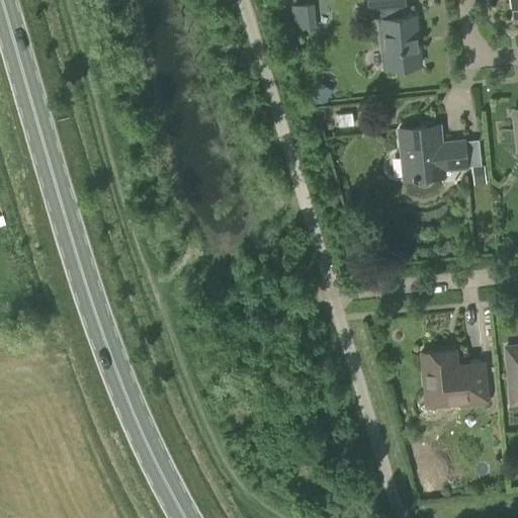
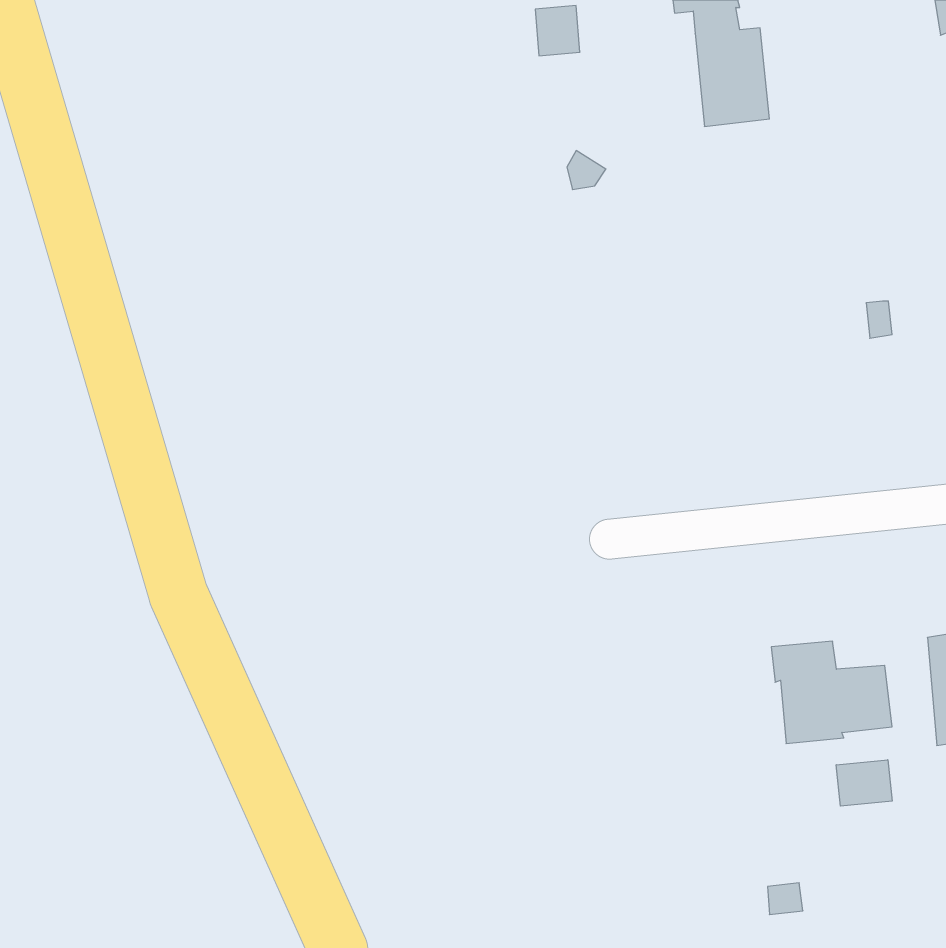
building: [400,126,468,186] -> none
building: none -> [836,760,892,806]

